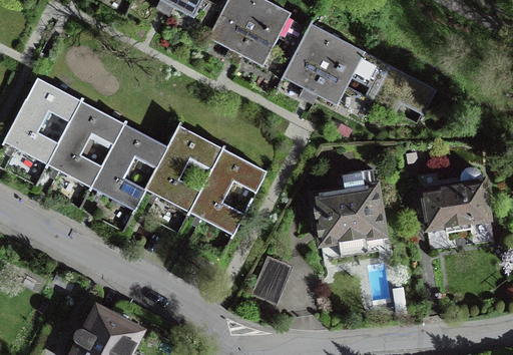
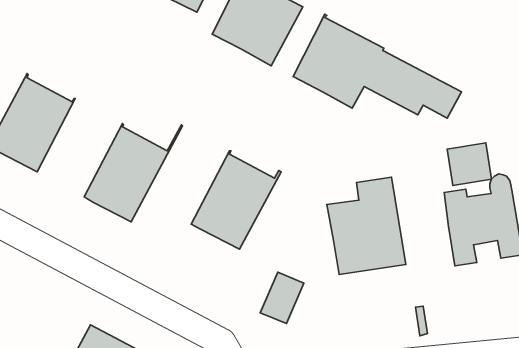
building: [48,97,126,188] -> none
building: [134,122,224,213] -> none
building: none -> [447,143,491,185]

